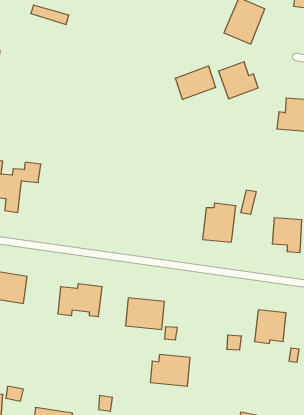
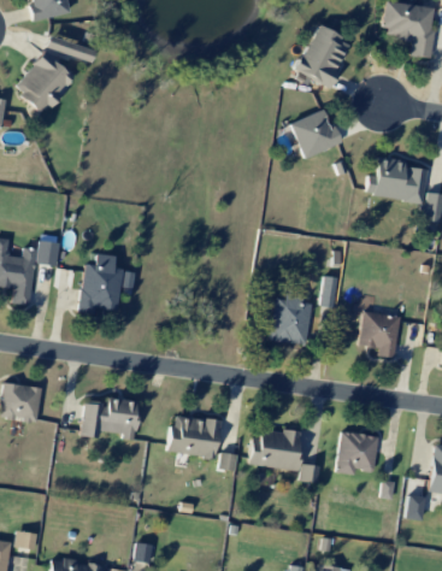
building: none -> [13,51,75,112]
building: [175,66,216,100] -> none
building: none -> [78,253,123,314]
building: [150,355,190,386] -> [248,429,300,470]

